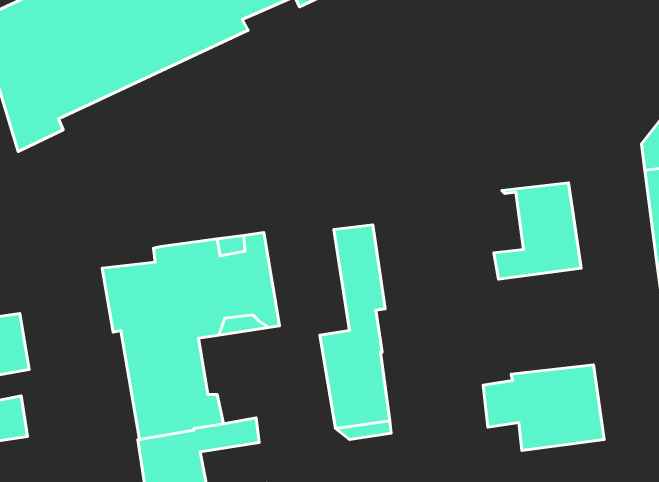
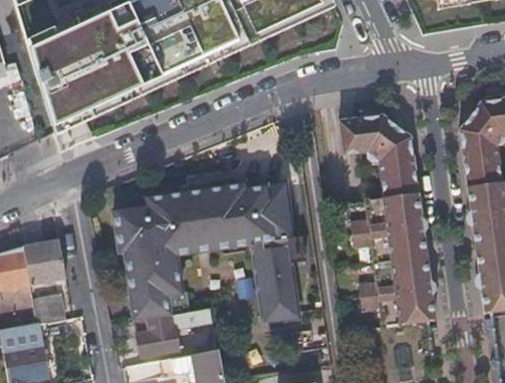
building: none -> [332,115,413,159]
building: none -> [216,182,271,253]
building: none -> [347,210,429,278]

